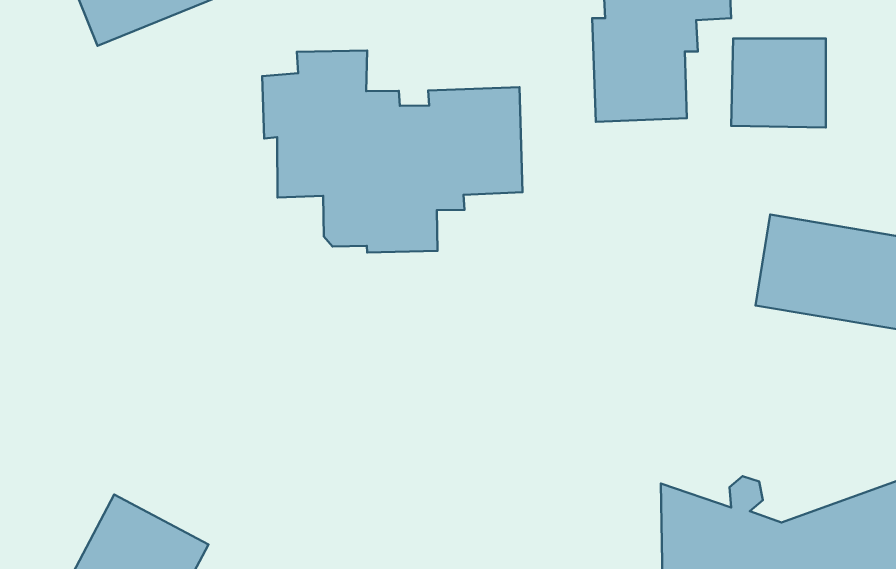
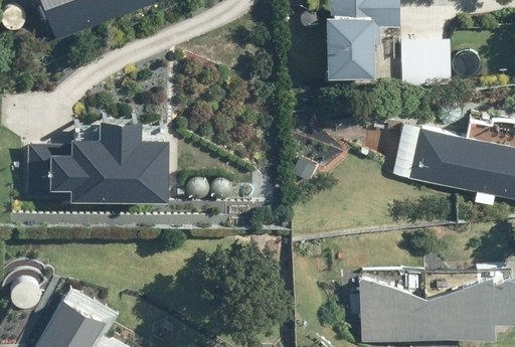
building: [262,50,522,252] -> none
building: none -> [27,116,168,202]

